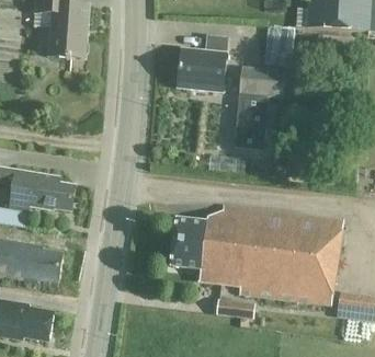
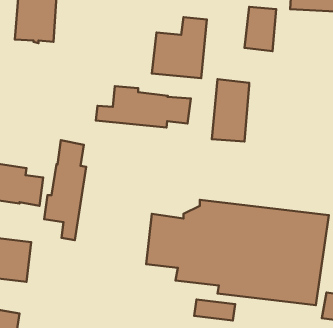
building: [239,66,286,99] -> none
building: none -> [96,86,191,127]
building: none -> [44,140,86,240]

